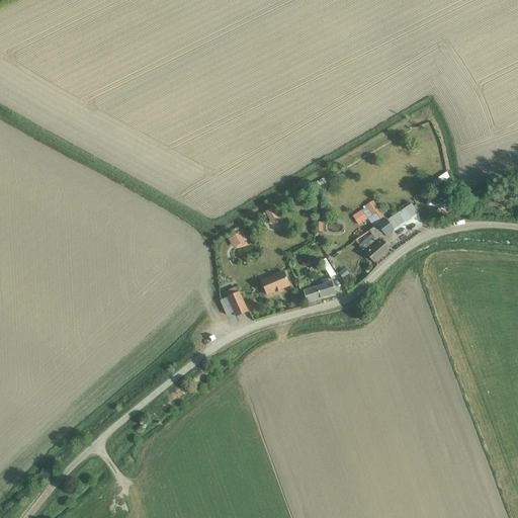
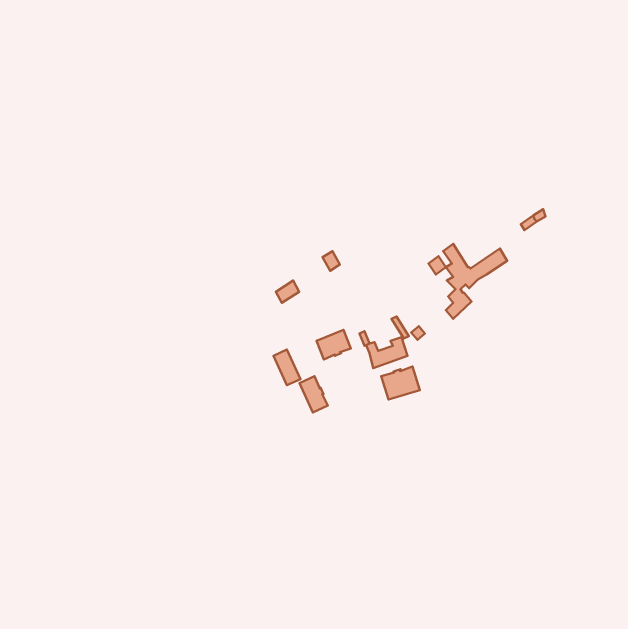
building: none -> [381,367,420,400]
building: none -> [299,376,328,413]

